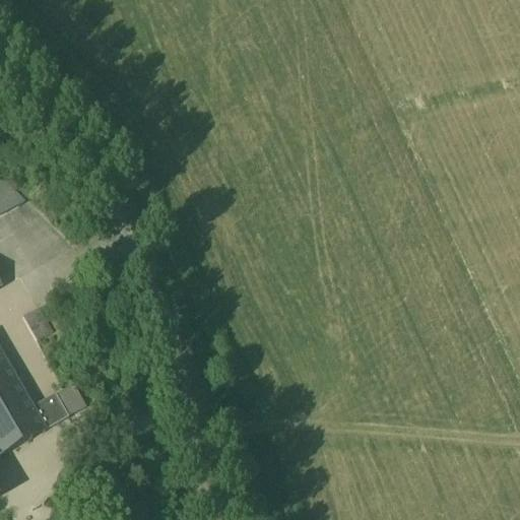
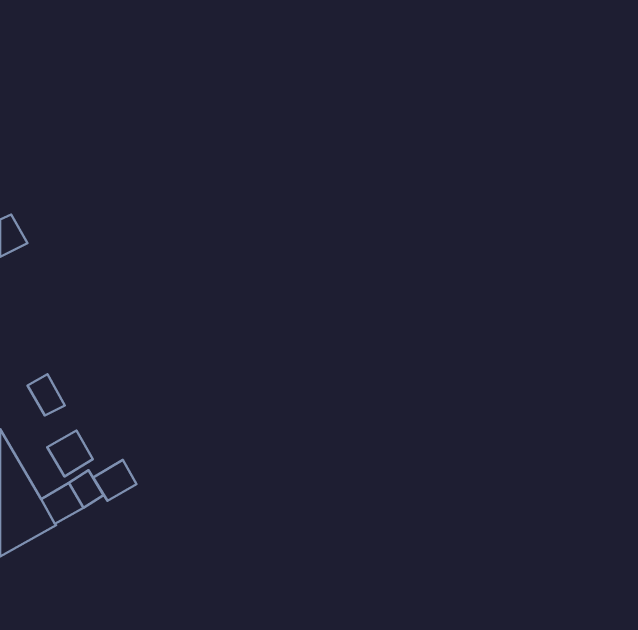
building: none -> [47,430,93,476]
building: none -> [93,460,136,501]

